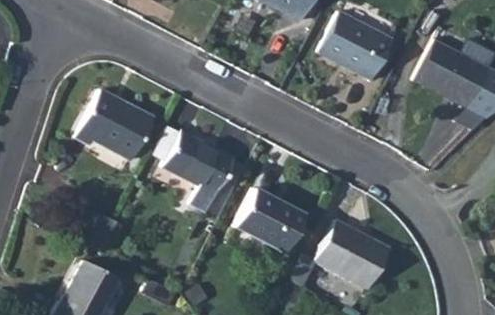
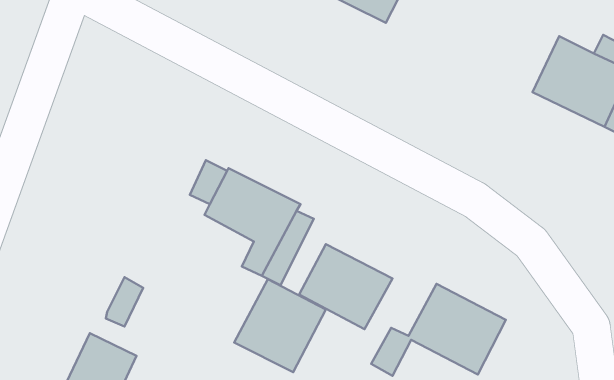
building: [320,15,393,83] -> none
building: [76,89,155,159] -> none
building: none -> [234,279,326,372]

